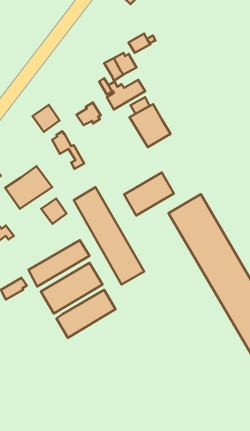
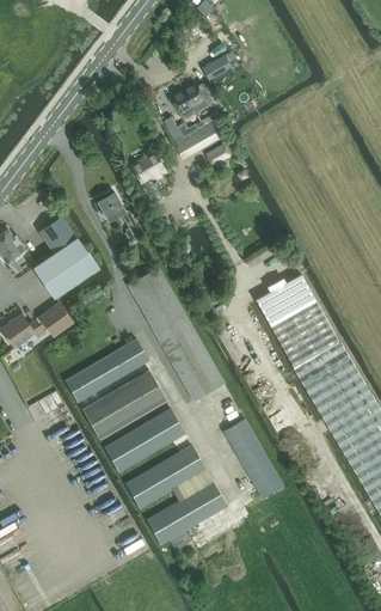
building: [130,104,171,147] -> none
building: [32,105,59,132] -> [39,216,76,253]
building: [124,173,174,216] -> none
building: [41,199,67,224] -> [38,303,73,337]
building: none -> [225,420,284,499]
building: none -> [125,446,227,545]

